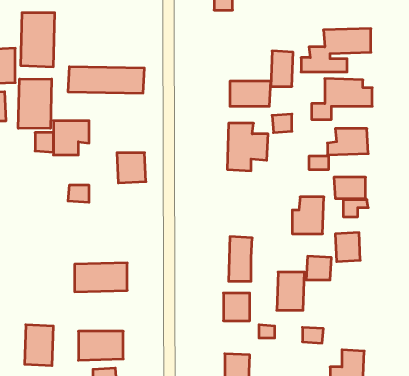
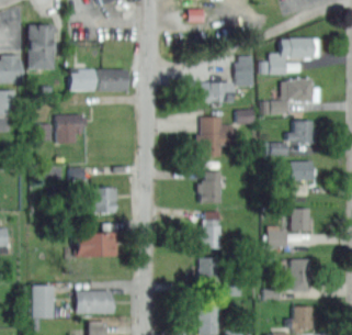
building: [18,79,52,128] -> none
building: [117,153,146,183] -> [93,188,117,213]
building: [292,197,324,234] -> [196,171,223,202]
building: [277,272,304,310] -> [287,259,310,291]

